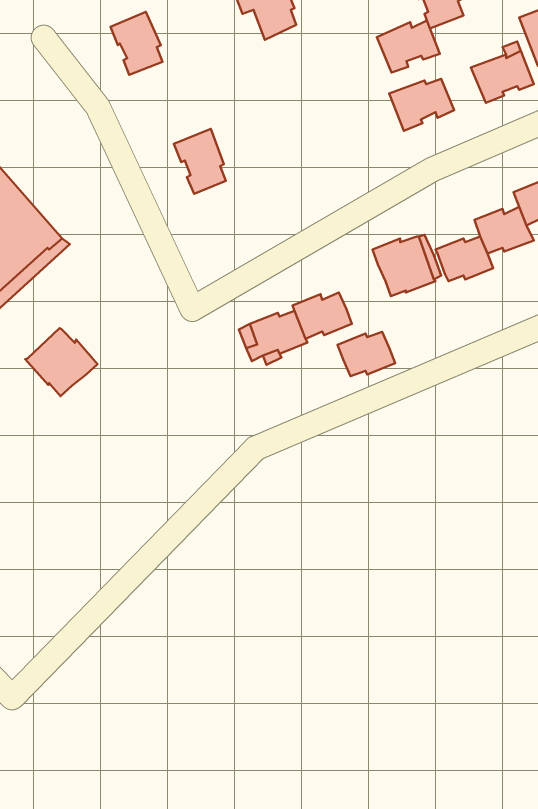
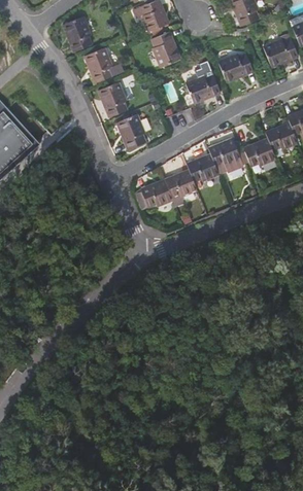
building: [377,20,440,72] -> [186,74,221,103]
building: none -> [151,31,180,67]
building: none -> [85,47,123,83]
building: none -> [116,114,145,149]
building: [25,328,98,396] -> none
building: [337,332,395,376] -> [187,156,218,181]

